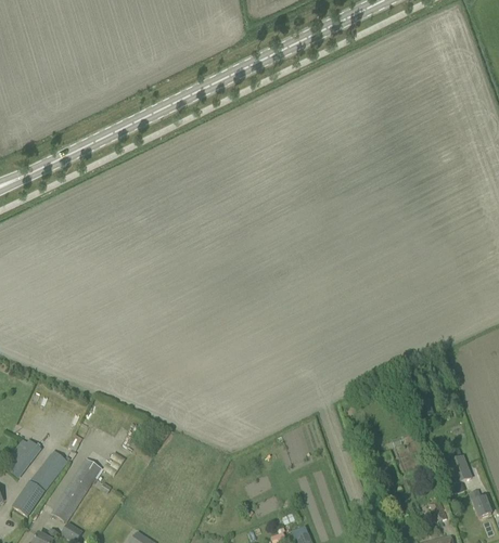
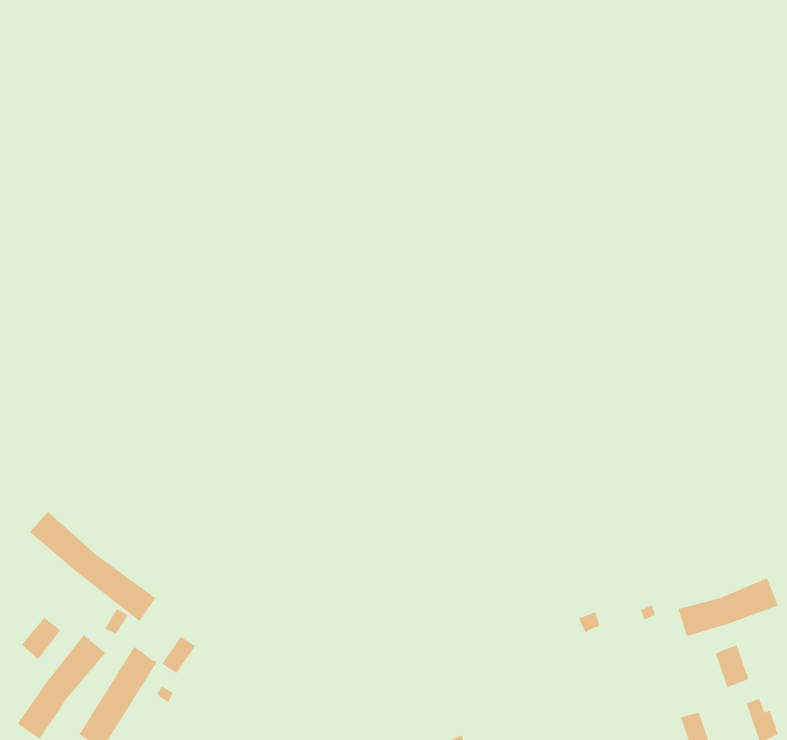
building: none -> [30,511,156,622]
building: none -> [678,577,779,637]

